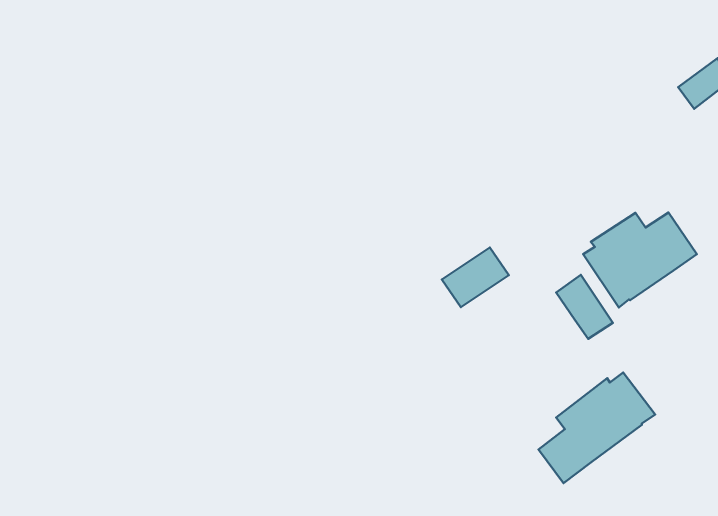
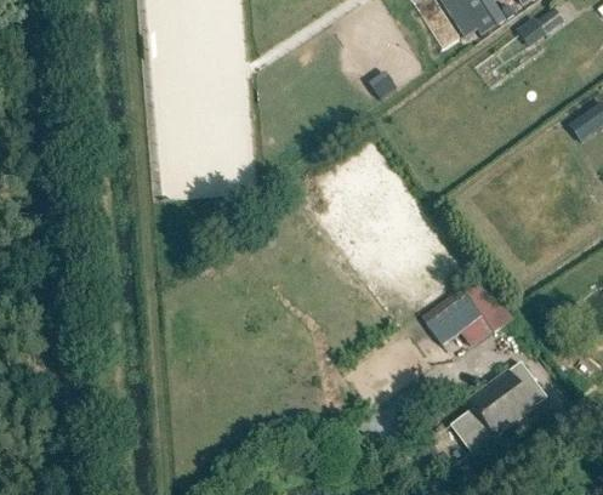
building: [583,213,697,308] -> none
building: [442,247,509,307] -> [426,295,482,345]

